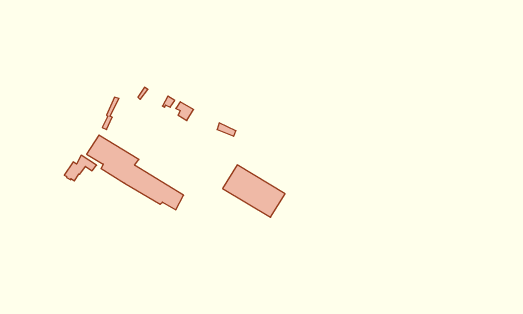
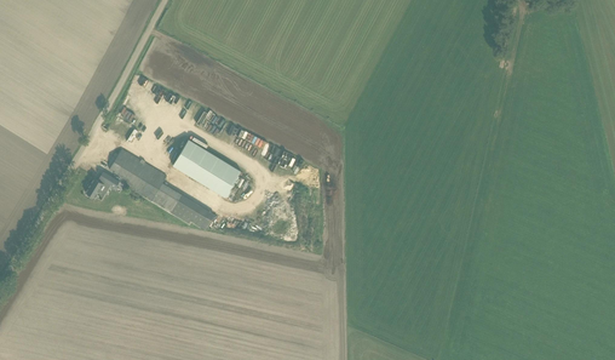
building: [223,165,285,217] -> [172,139,240,196]

